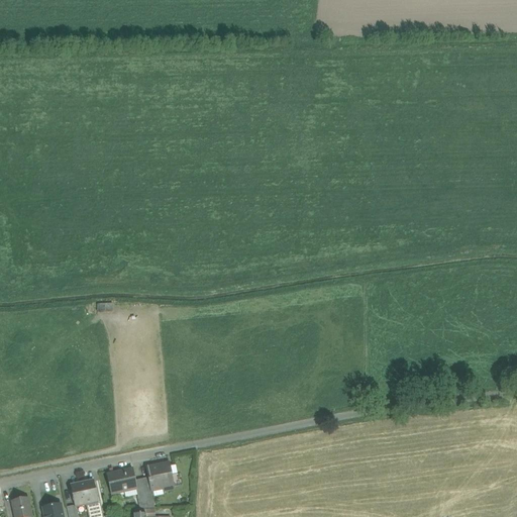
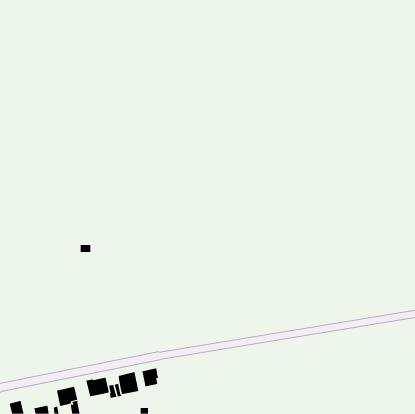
building: none -> [142,367,159,387]

